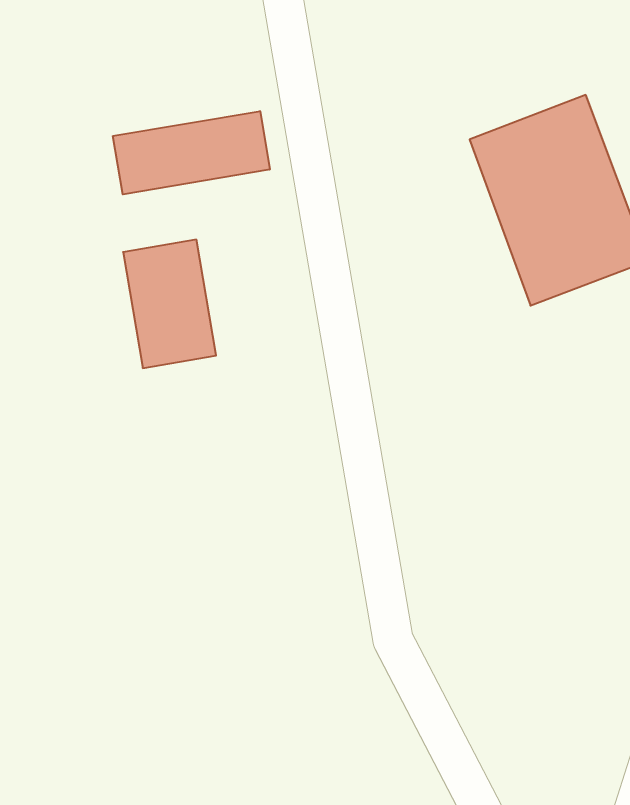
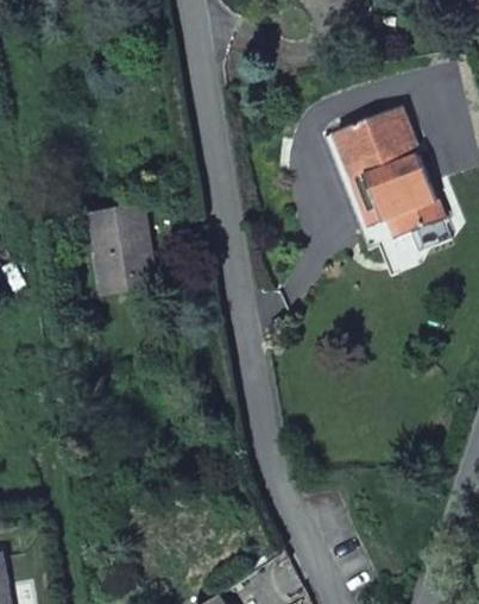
building: [113,111,270,194] -> none

